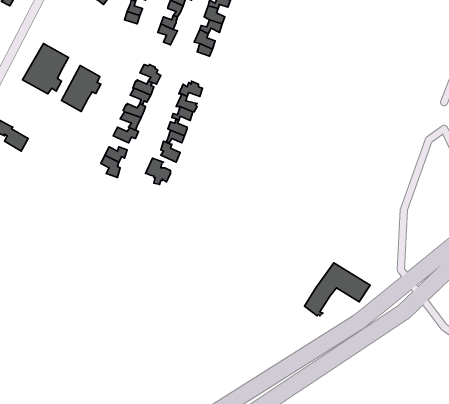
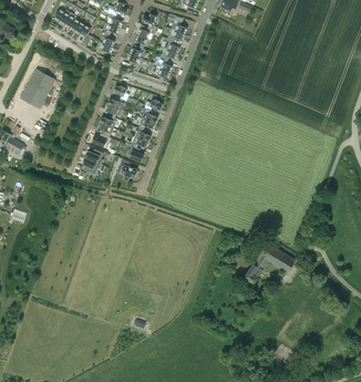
building: [61,66,101,111] -> none

